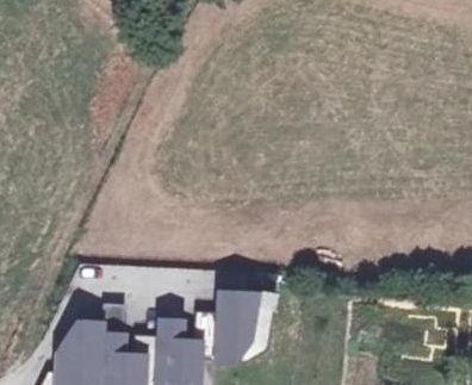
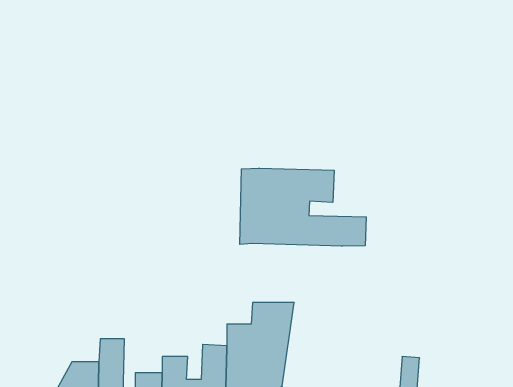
building: none -> [240,168,366,246]

